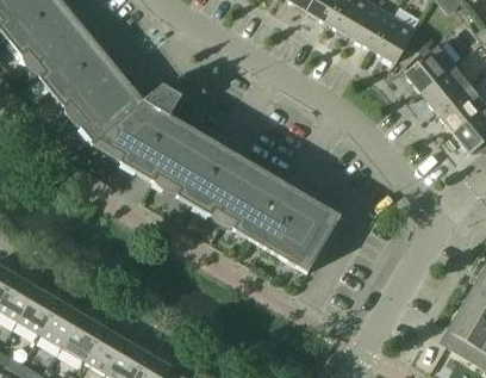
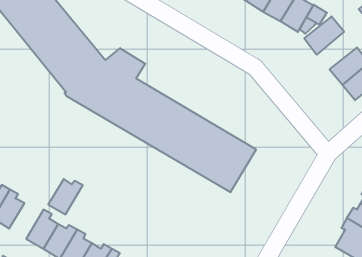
building: [419,63,472,112] -> none
building: [15,287,61,334] -> [48,179,83,214]

